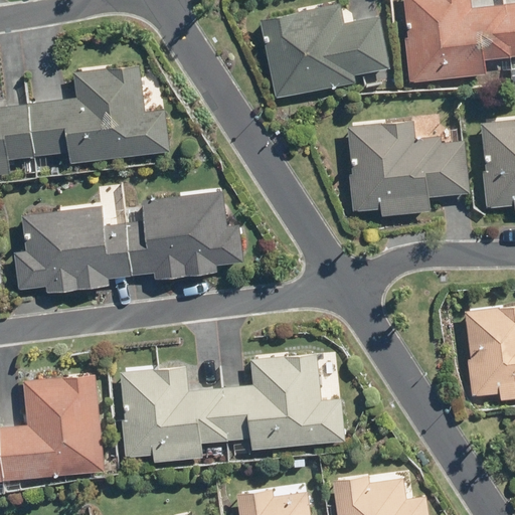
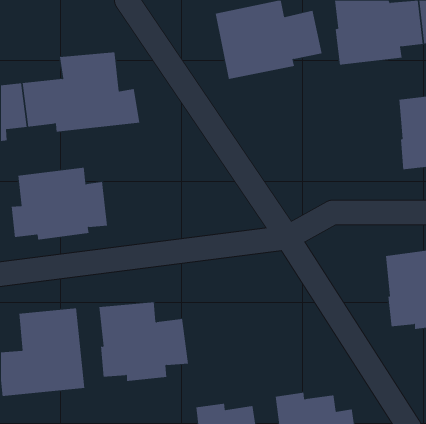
building: [347,121,469,216] -> none
building: [127,190,243,279] -> none
building: [221,354,345,450] -> none

